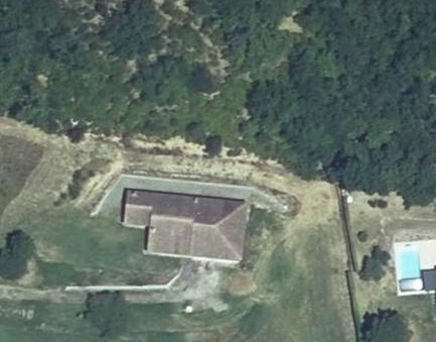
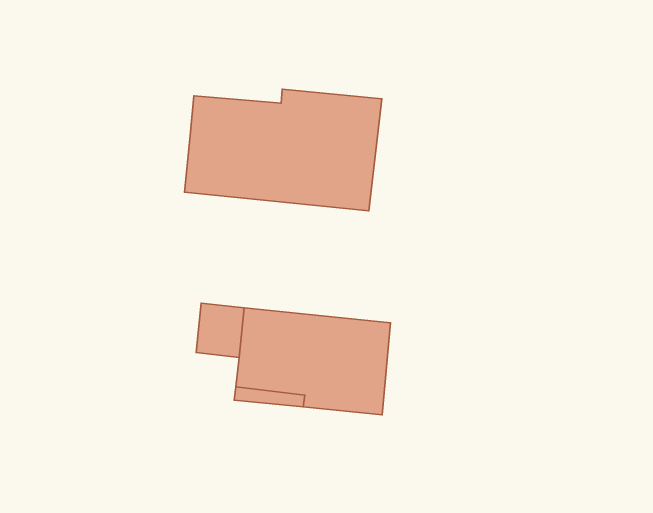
building: none -> [184,89,382,211]

